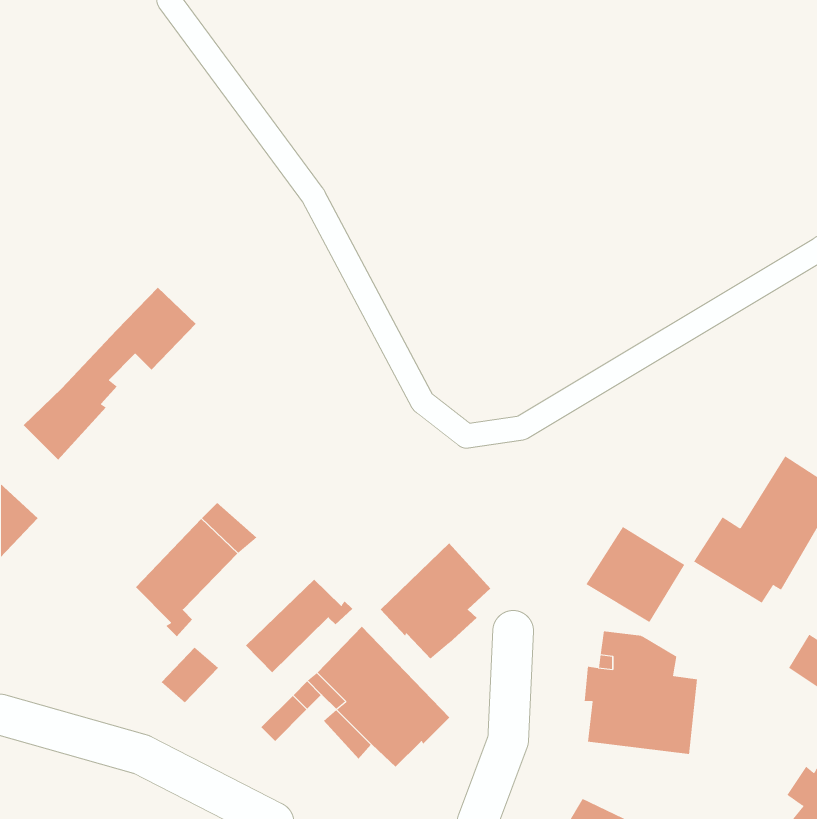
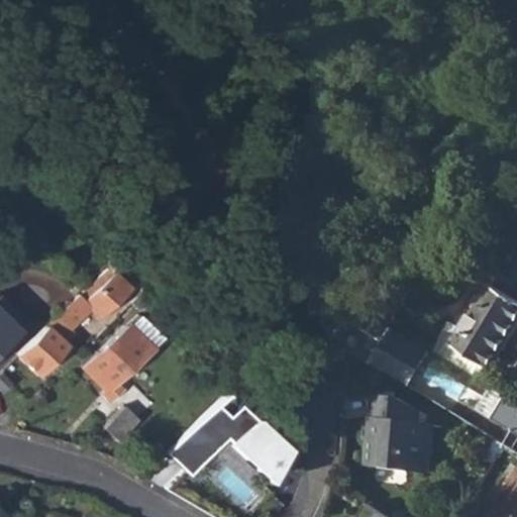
building: [23,287,196,460] -> [21,269,130,378]
building: [380,542,491,660] -> none
building: [245,579,353,673] -> none

